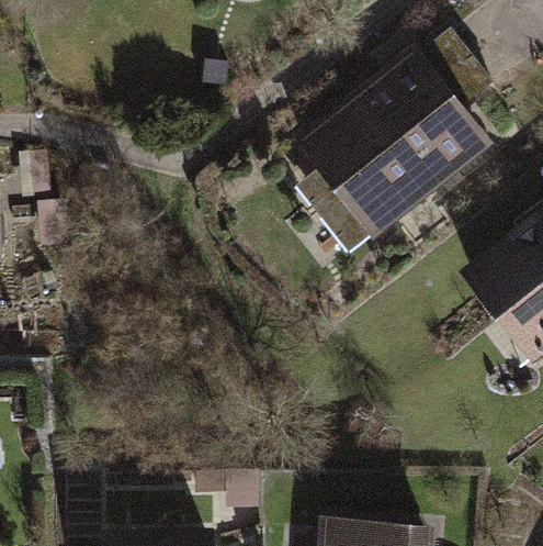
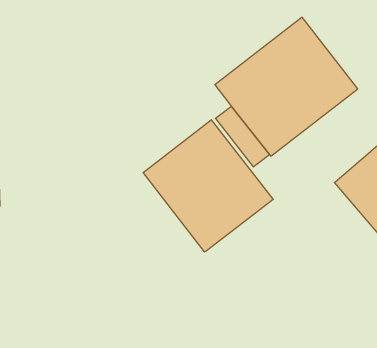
building: none -> [143,120,273,252]

